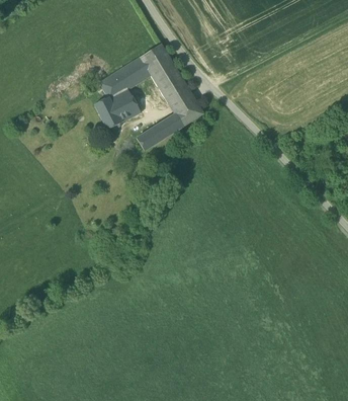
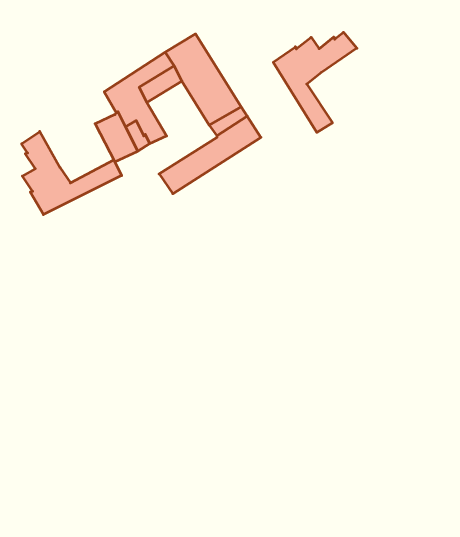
building: none -> [273,32,357,132]
building: none -> [22,131,122,215]

